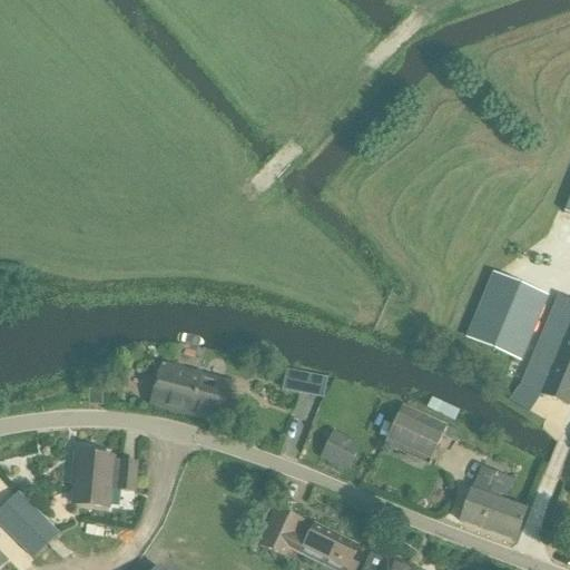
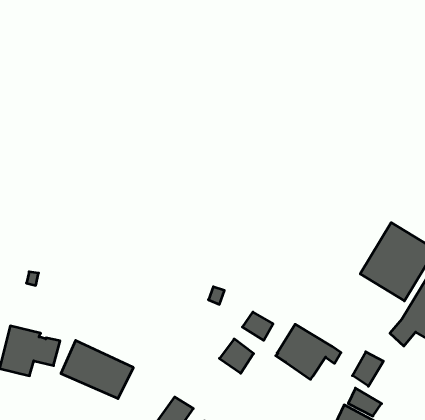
building: [150,362,232,421] -> [61,340,133,399]
building: none -> [242,312,273,340]
building: none -> [352,352,383,386]

